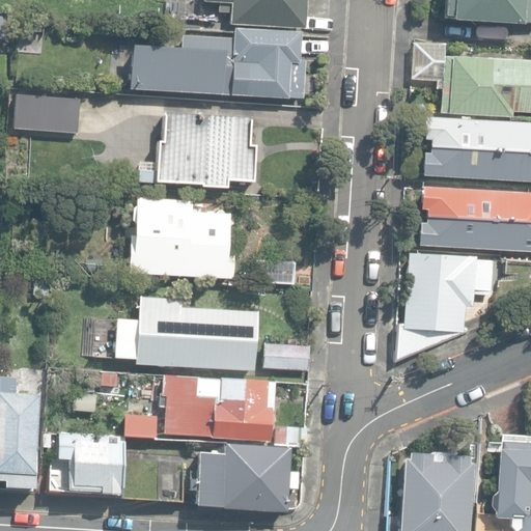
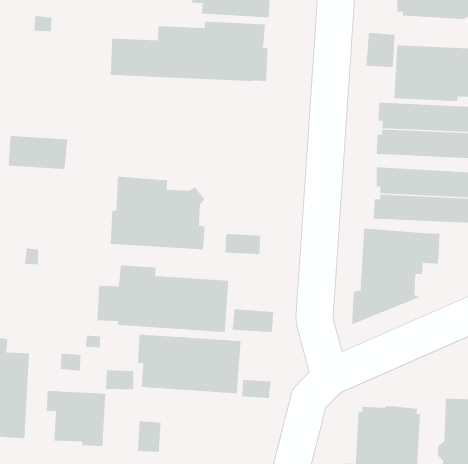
building: [15,95,81,134] -> [8,135,68,170]
building: [139,115,255,190] -> none
building: [189,441,299,509] -> none

